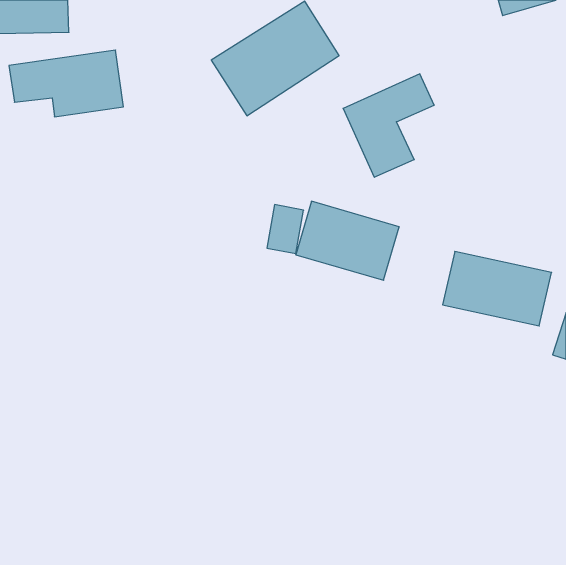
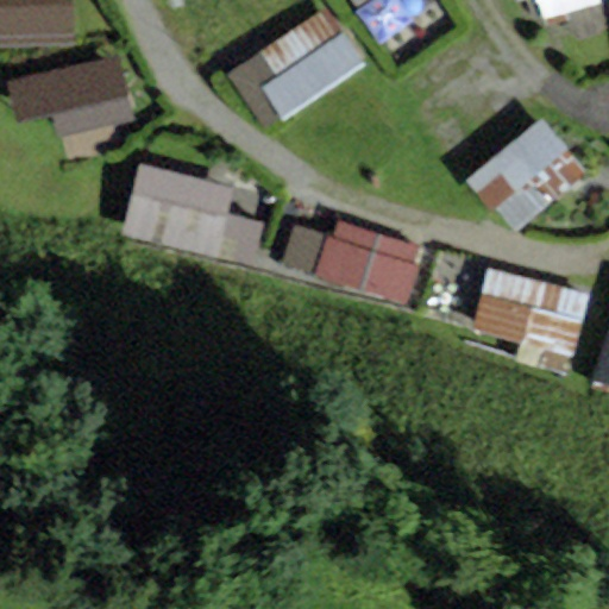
building: [343,74,434,177] -> [469,123,566,233]
building: none -> [123,163,270,266]

